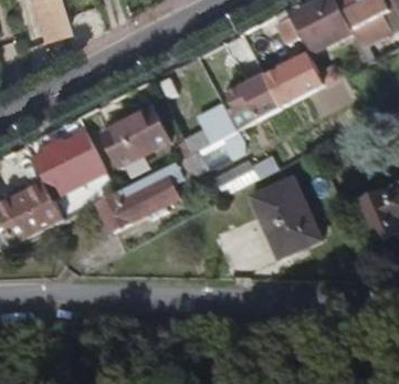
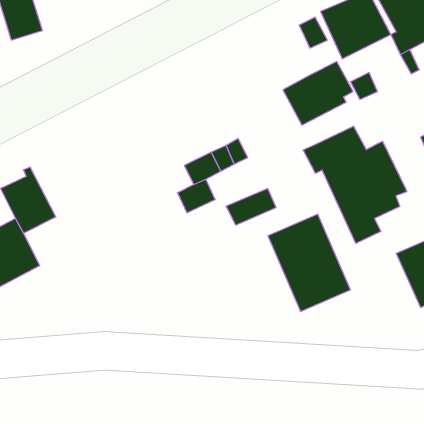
building: [229,76,279,117] -> none
building: [103,104,169,164] -> none
building: none -> [303,126,407,243]
building: [56,131,104,180] -> none
building: [97,174,180,232] -> none

